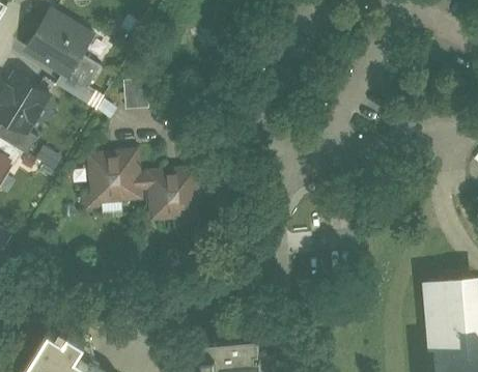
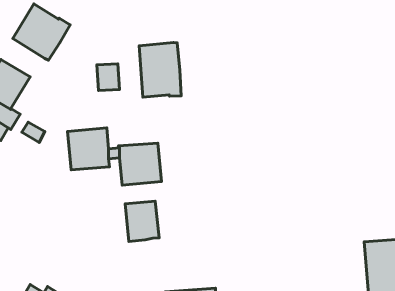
building: [56,57,101,105] -> none
building: none -> [139,43,181,97]
building: none -> [125,201,159,241]

